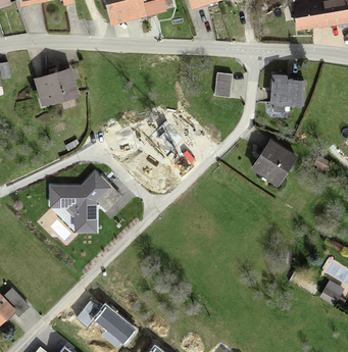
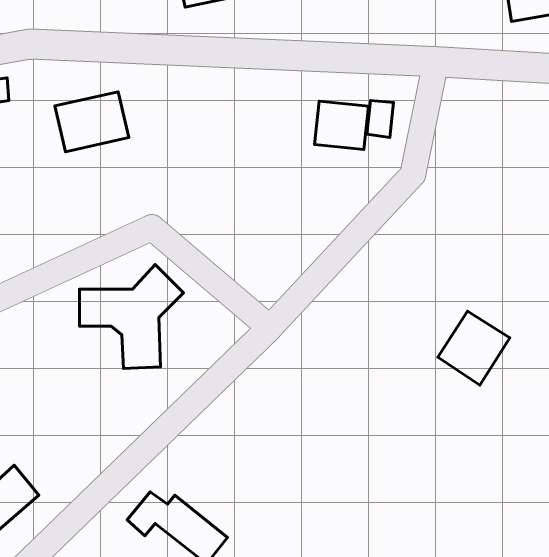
building: none -> [314,101,369,149]
building: [275,77,297,106] -> none
building: [253,143,295,186] -> [438,311,510,385]

